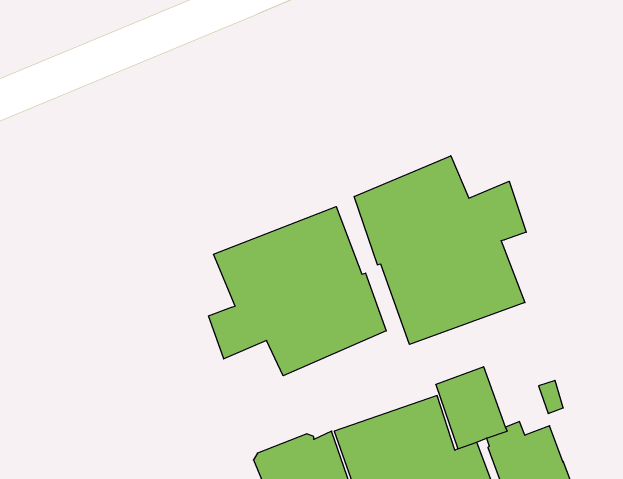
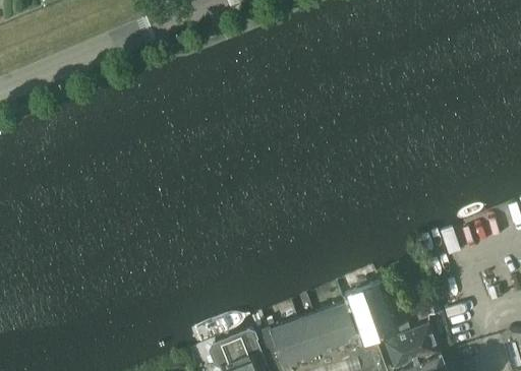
building: [354,156,526,344] -> none
building: [208,207,386,376] -> none

